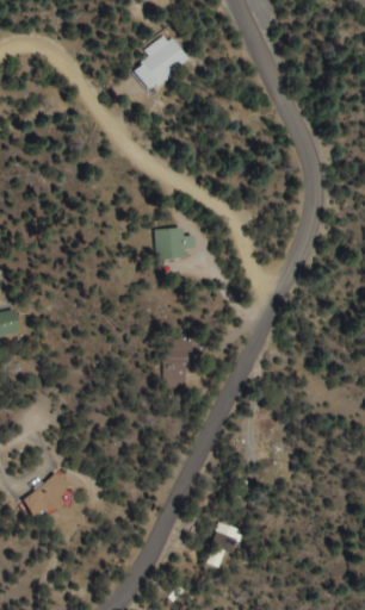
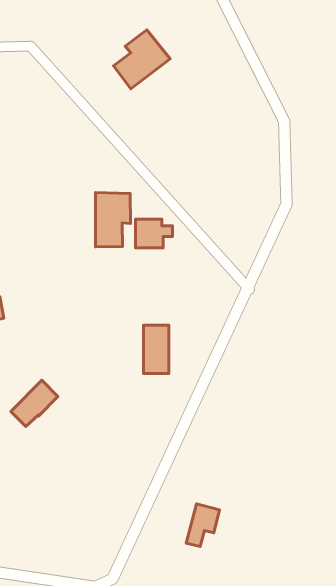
building: none -> [95,193,130,247]
building: [23,469,72,517] -> [11,380,58,426]

